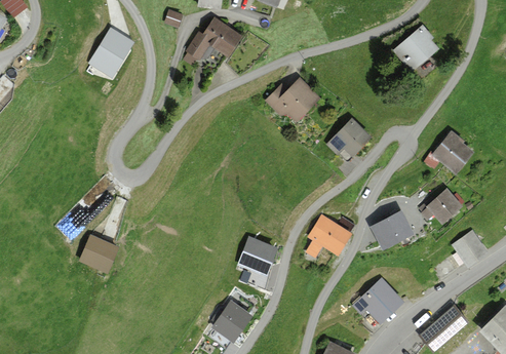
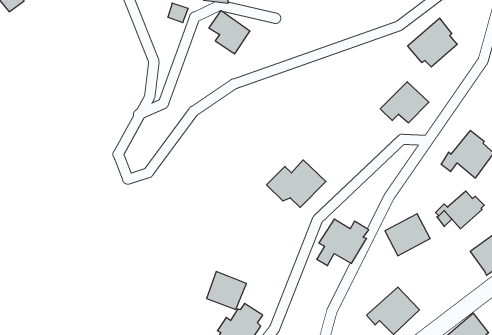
building: [90,30,132,76] -> none
building: [183,30,213,65] -> none
building: [265,77,321,122] -> [267,160,326,207]
building: [326,118,373,157] -> [380,82,429,123]
building: [79,235,119,274] -> none
building: [239,237,277,273] -> [207,272,246,309]

